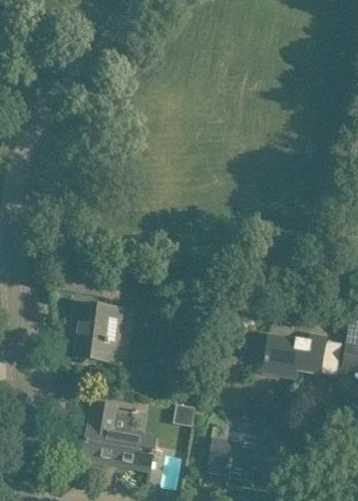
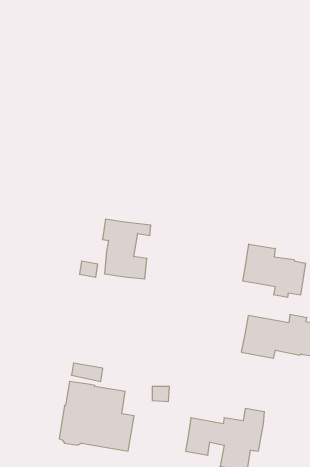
building: none -> [243,244,306,297]
building: [74,302,122,361] -> [102,219,151,279]

